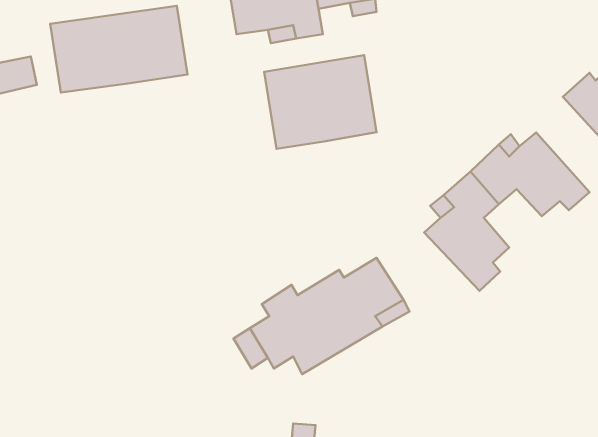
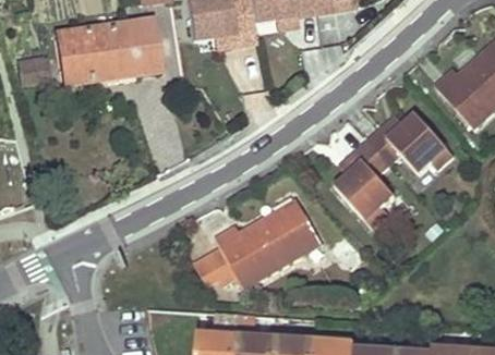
building: [264,55,376,149] -> none

